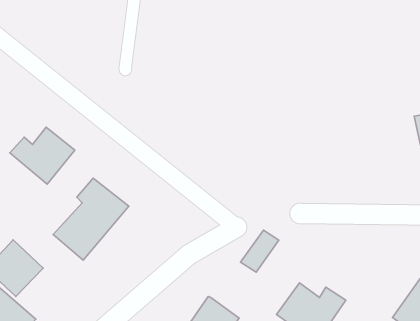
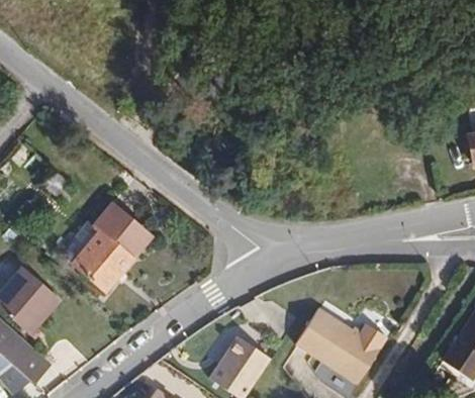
building: [10,127,75,184] -> none
building: [241,230,279,272] -> [297,307,340,354]

